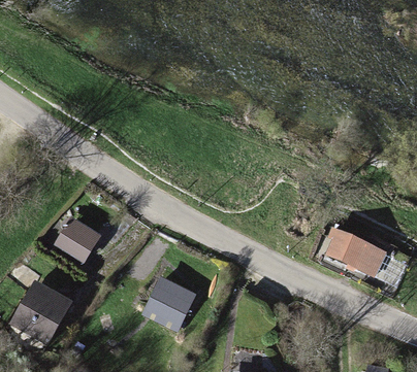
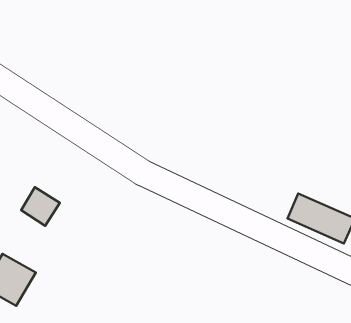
building: [149,280,190,316] -> none

